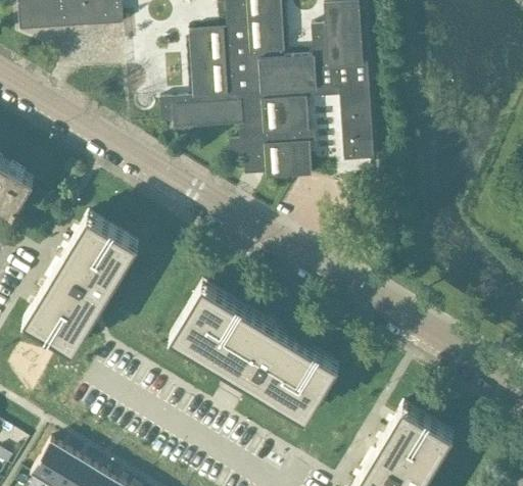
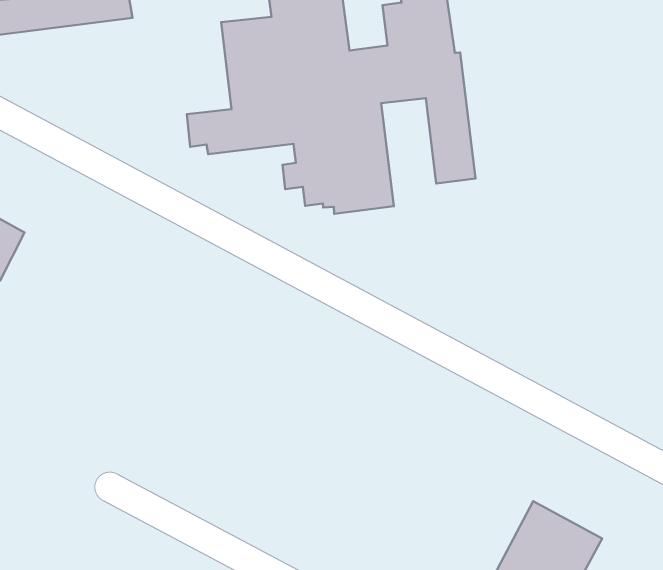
building: [23,211,139,349] -> none
building: [170,281,339,418] -> none

